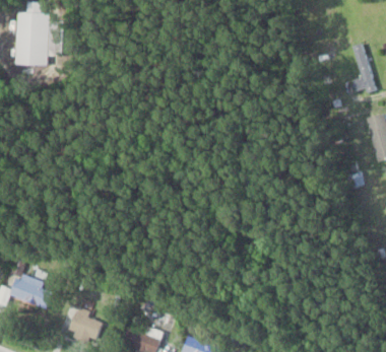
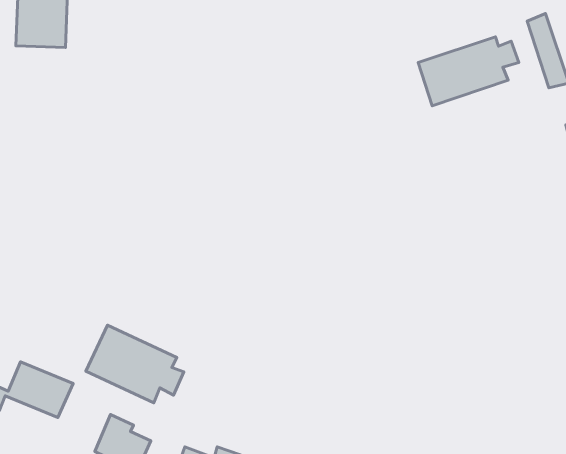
building: none -> [418,37,519,106]
building: none -> [86,325,184,403]

